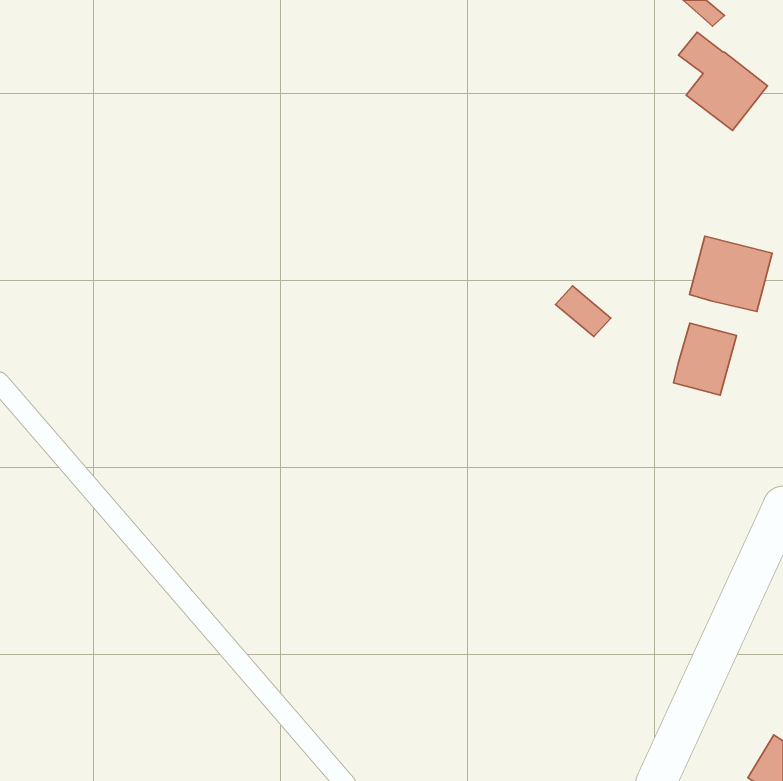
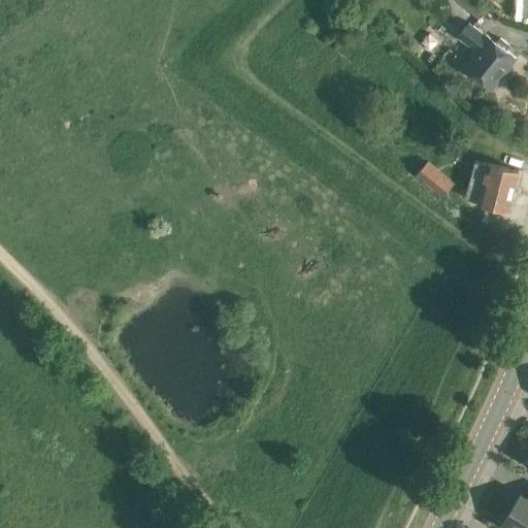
building: [555,286,611,337] -> [416,163,453,197]
building: [674,323,737,395] -> none

